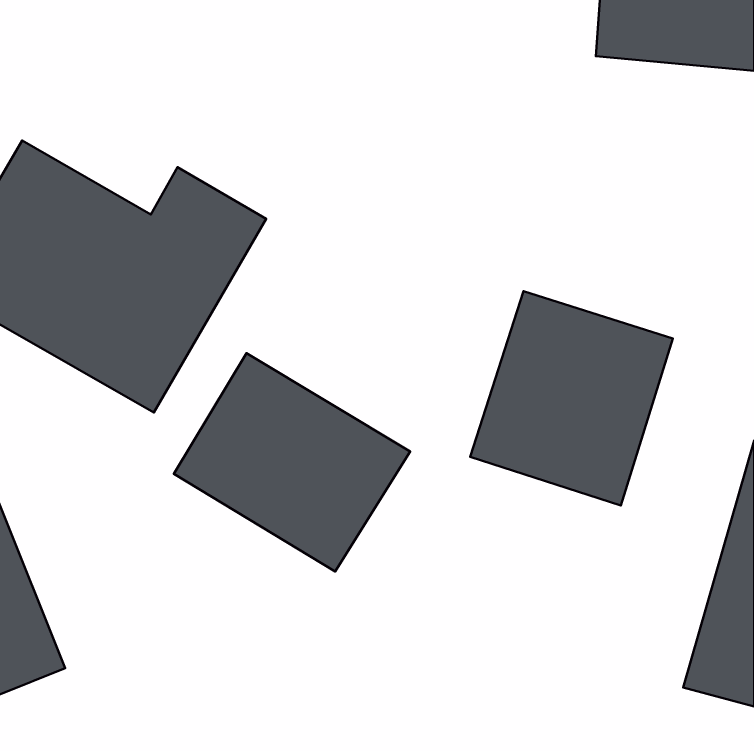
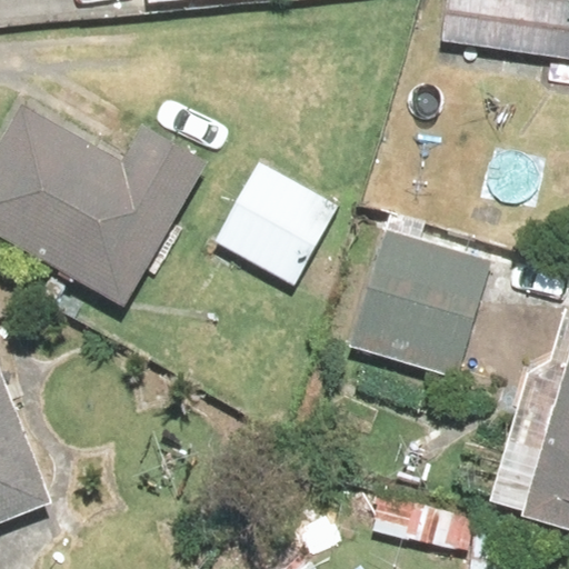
building: none -> [214,157,352,291]
building: [174,353,410,572] -> none

